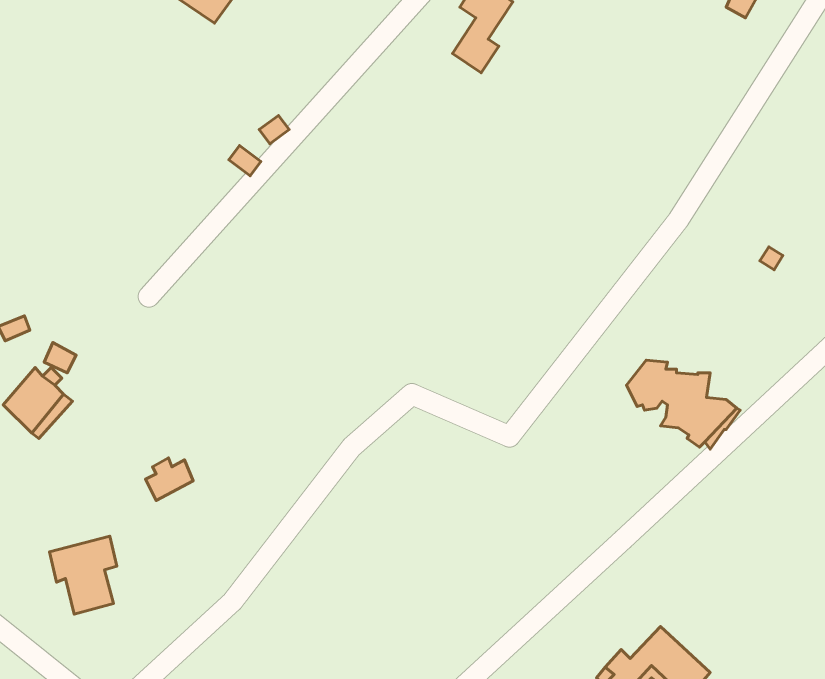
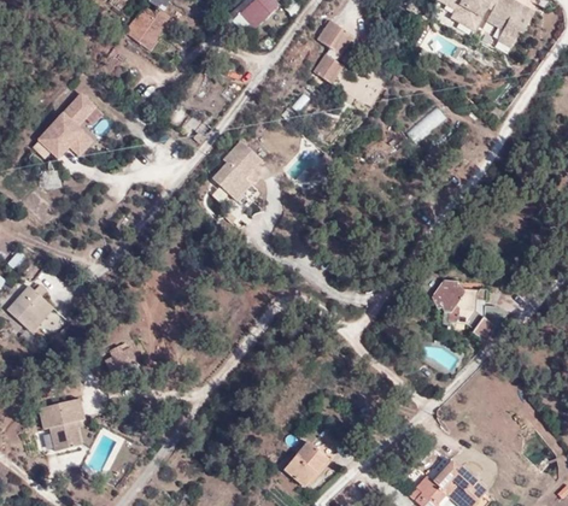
building: none -> [36,93,95,158]
building: none -> [212,141,262,201]
building: none -> [283,441,329,488]

